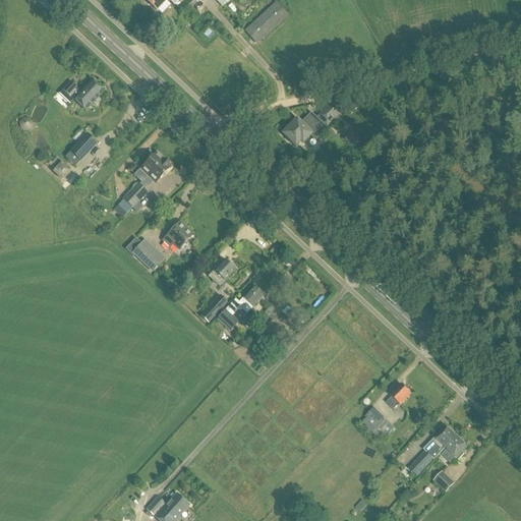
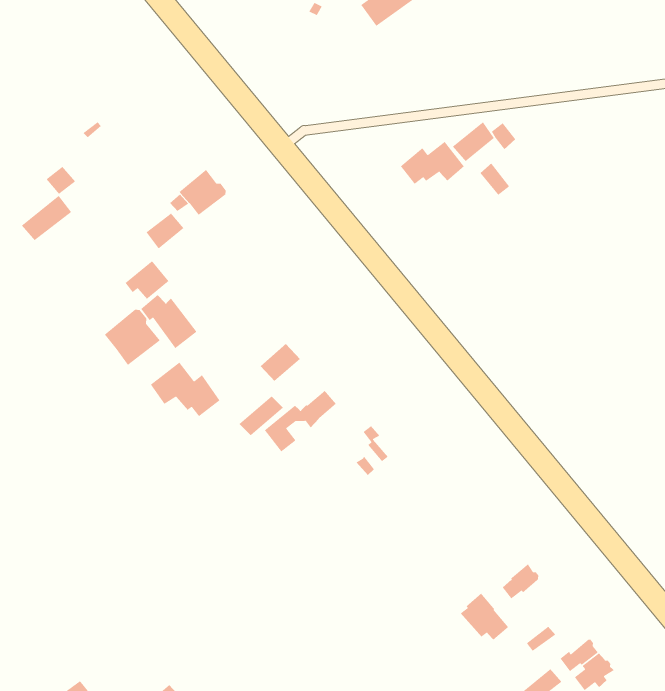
building: [58,79,102,108] -> none
building: [64,132,97,165] -> [21,195,72,241]
building: [162,222,191,248] -> [124,260,169,300]
building: none -> [104,309,161,366]
building: none -> [150,362,221,417]

